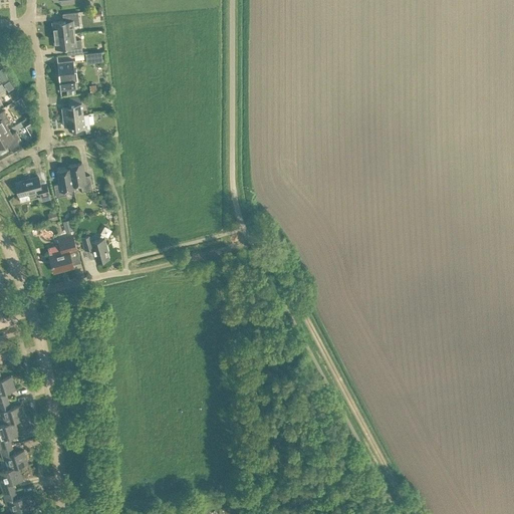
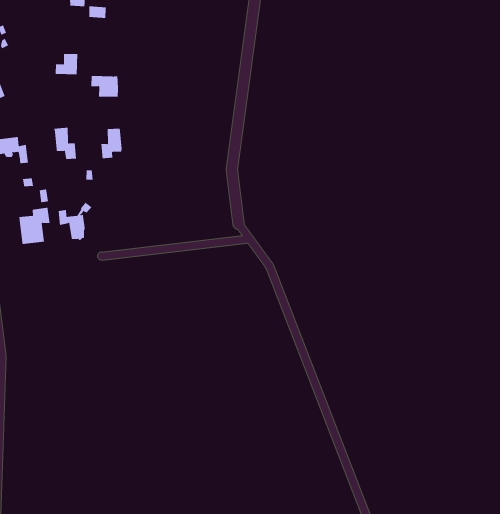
building: [56,60,76,90] -> none
building: [62,114,89,136] -> [91,76,119,97]
building: [52,169,72,198] -> [100,128,122,159]

